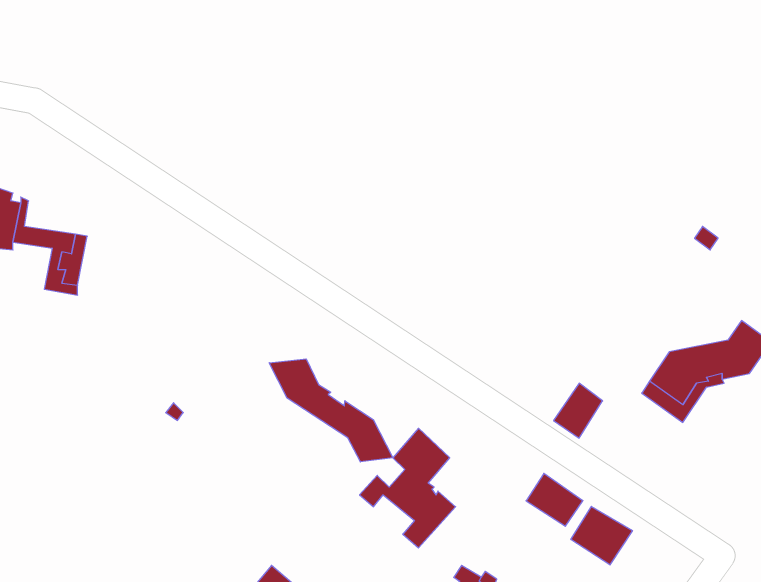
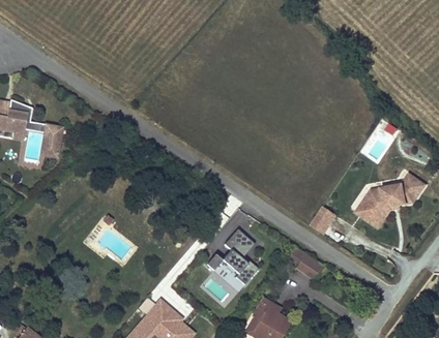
building: [269,359,393,462] -> none
building: [571,506,632,565] -> none

